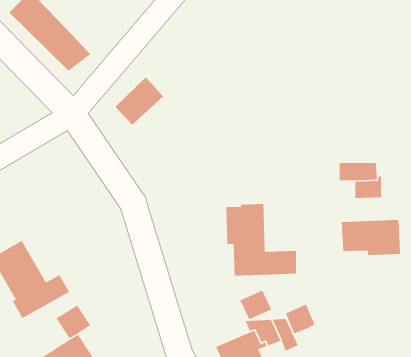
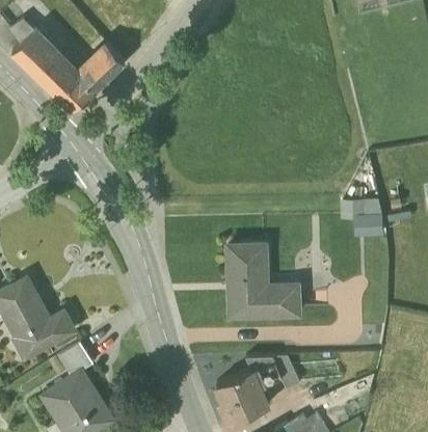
building: [114,76,164,126] -> [76,45,125,93]
building: [341,219,401,256] -> none
building: [239,290,272,320] -> none
building: [285,303,315,335] -> none

